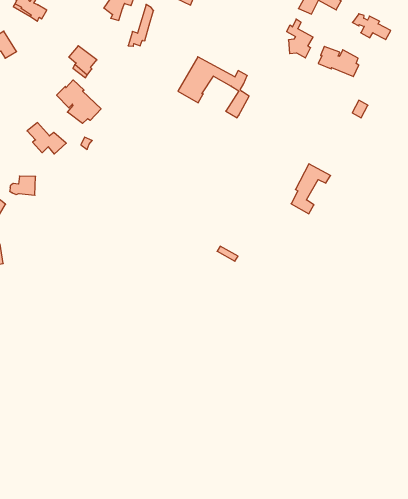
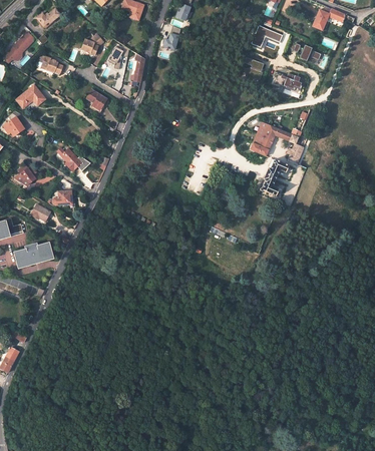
building: [178,57,249,118] -> [251,123,304,165]
building: [57,80,101,123] -> none

